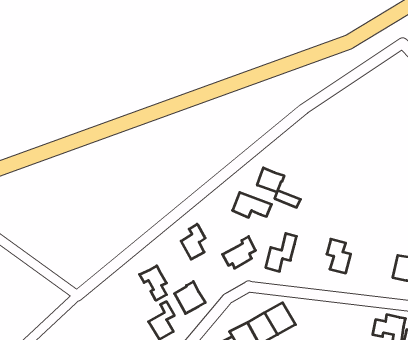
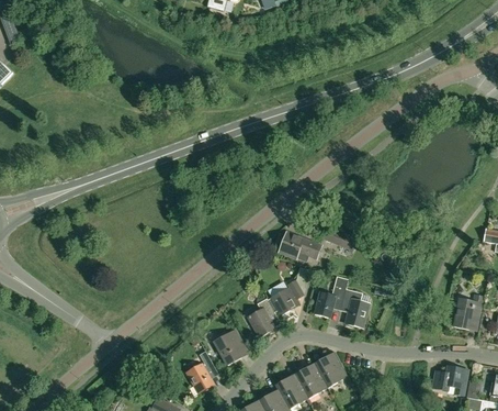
building: [257,168,284,192] -> none
building: [181,224,205,259] -> [248,298,274,336]
building: [327,239,351,273] -> [341,288,367,325]
building: [139,266,167,300] -> none

